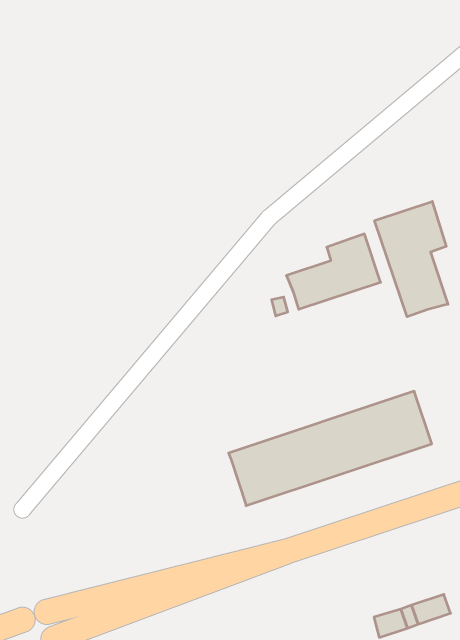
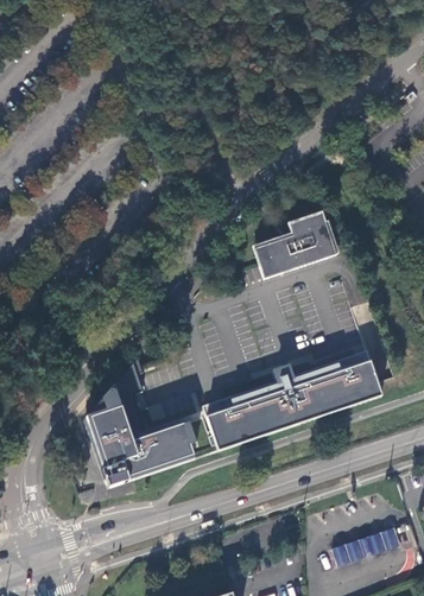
building: [375,201,448,317] -> none
building: none -> [88,355,198,484]

